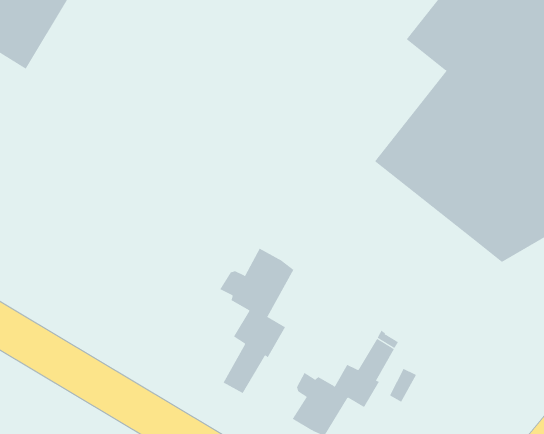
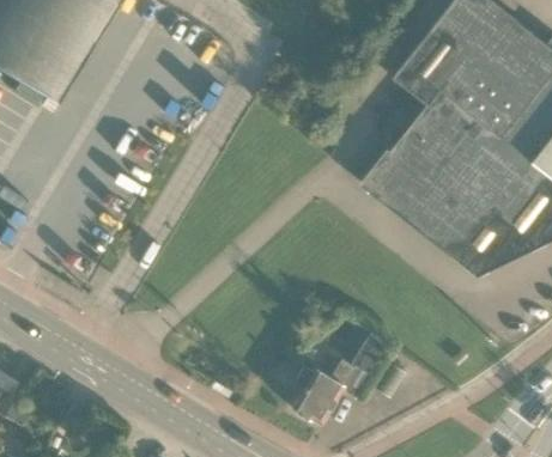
building: [220,248,294,394] -> none

